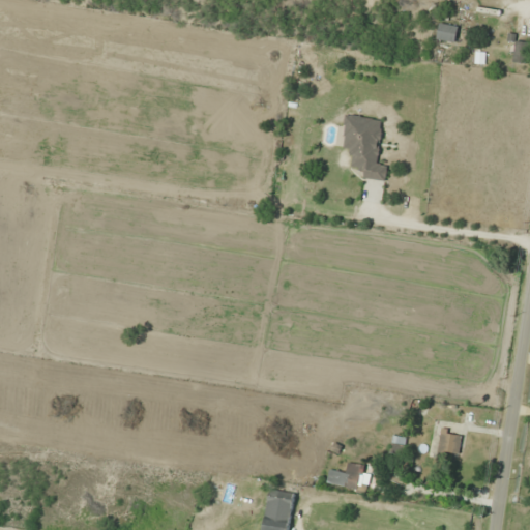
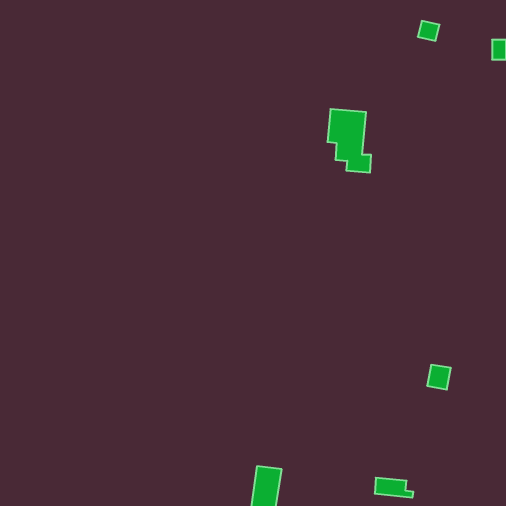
building: [437,430,462,455] -> [427,365,451,390]
building: [326,470,366,491] -> [375,478,413,498]

